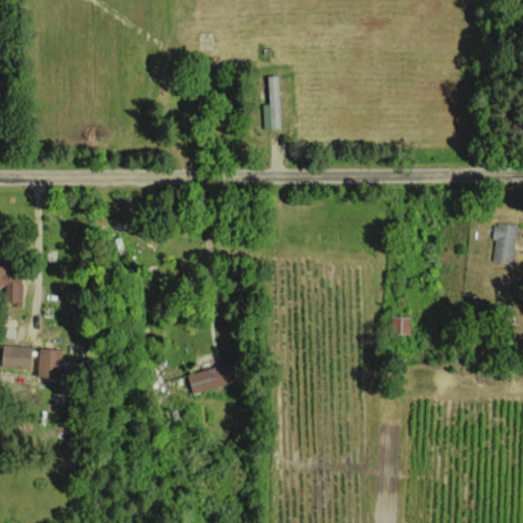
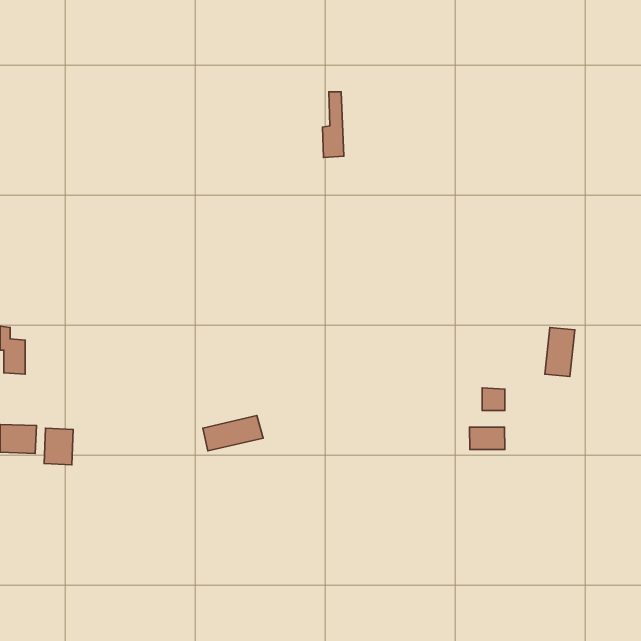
building: [492,225,517,265] -> [545,327,575,377]
building: none -> [470,427,505,449]
building: [188,365,237,393] -> [203,415,263,451]

